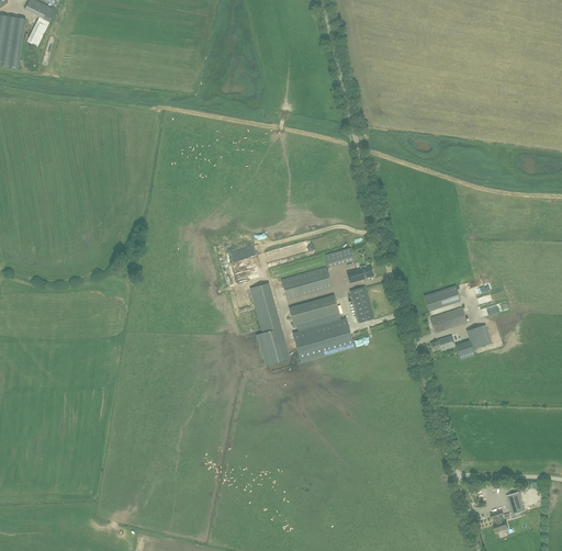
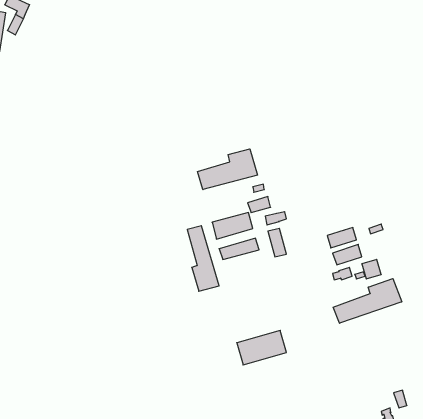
building: none -> [198,149,257,190]
building: [291,316,352,359] -> [237,330,286,365]
building: none -> [333,279,402,323]

